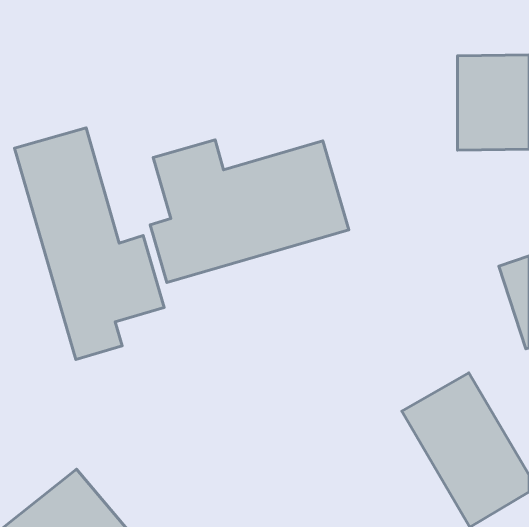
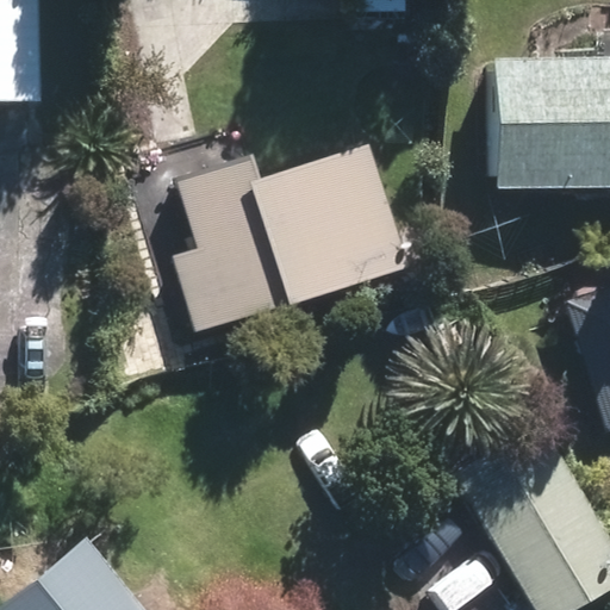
building: [15,128,164,359] -> none

